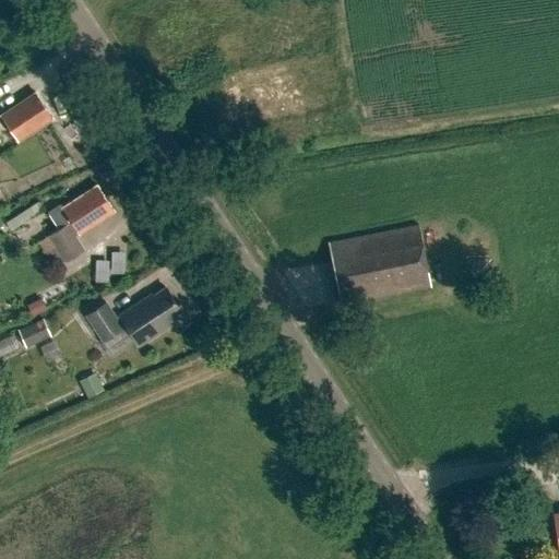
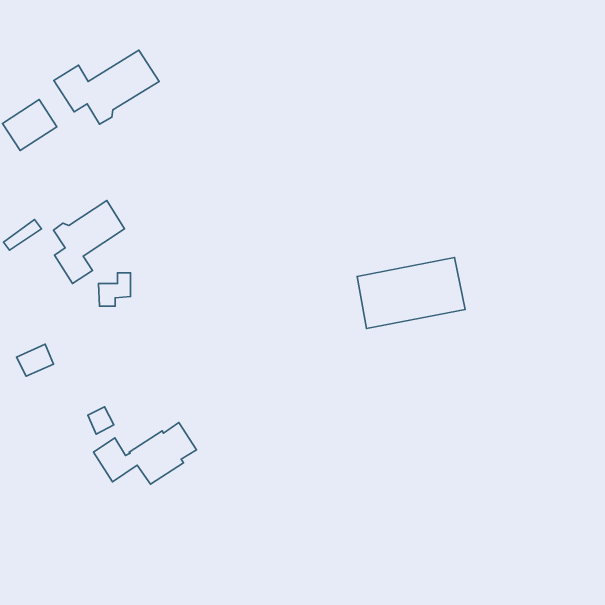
building: none -> [54,50,159,124]
building: [87,287,182,344] -> [93,422,197,484]

